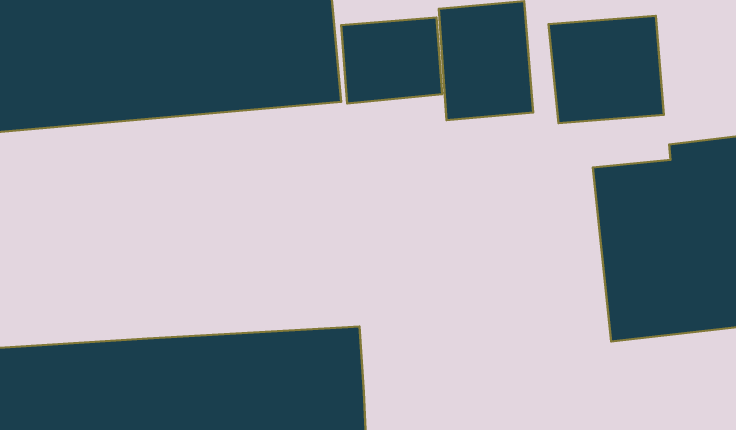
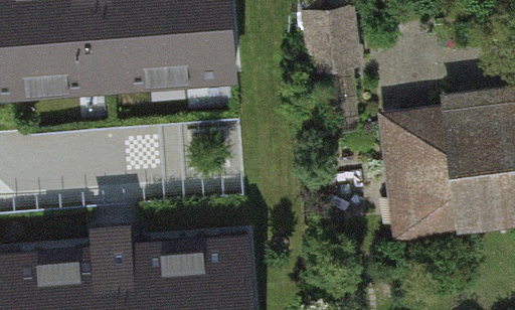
building: [548,16,664,123] -> none
building: [341,17,442,103] -> none

